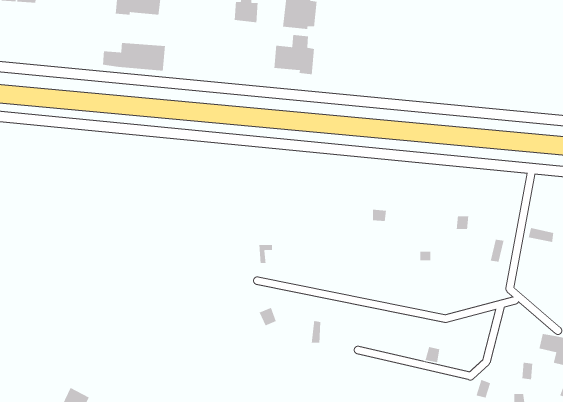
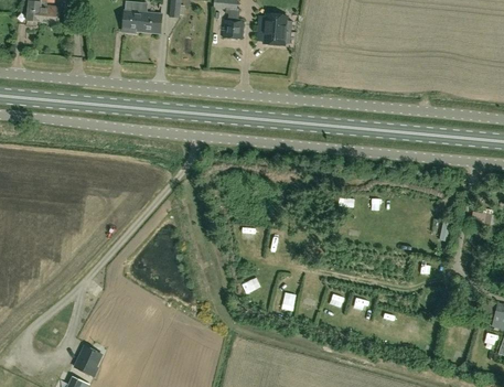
building: [274,34,315,75] -> none
building: [102,42,166,71] -> none

